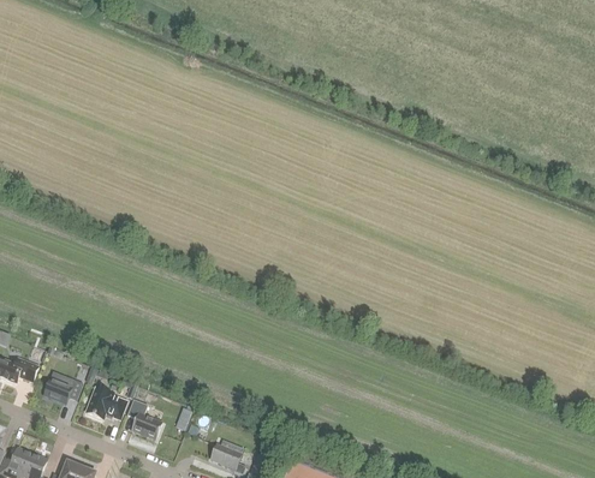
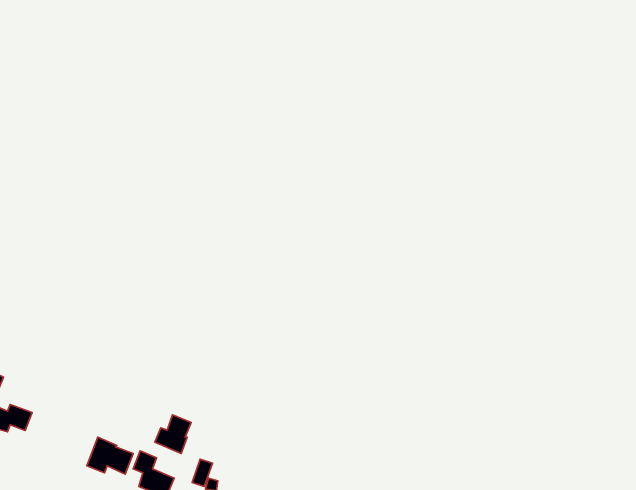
building: none -> [155,415,191,453]
building: [43,371,82,402] -> none

